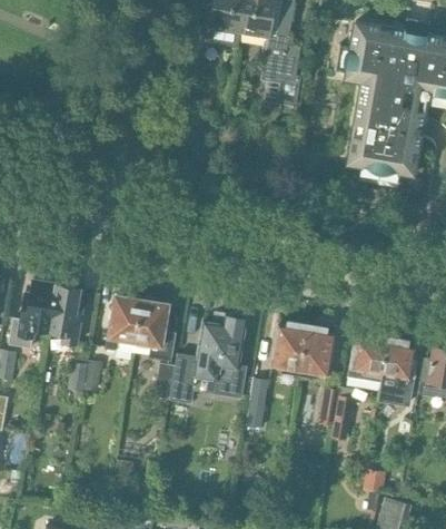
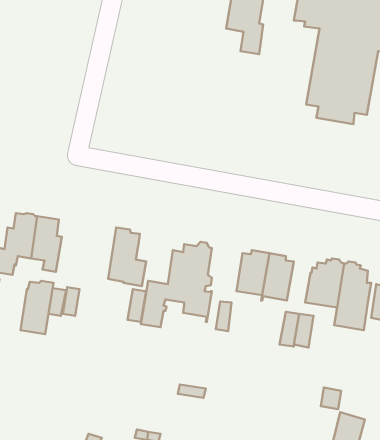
building: [107,294,142,352] -> [21,281,53,334]

